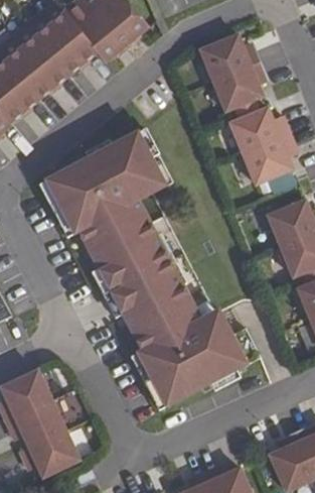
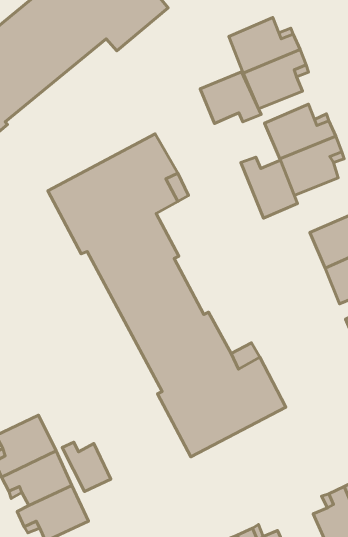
building: none -> [200,72,261,124]
building: none -> [241,157,297,218]
building: none -> [62,442,111,492]

